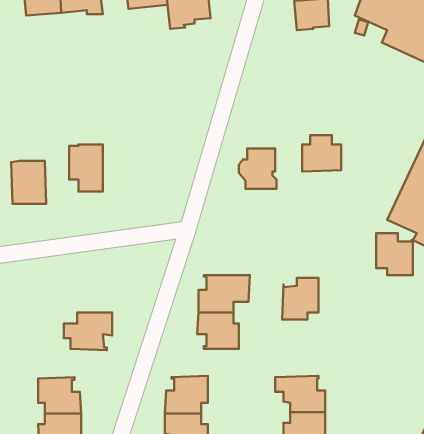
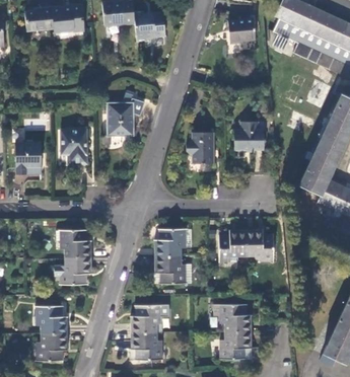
building: none -> [108,95,146,137]
building: [376,233,413,275] -> [247,230,274,261]
building: none -> [54,229,91,256]

